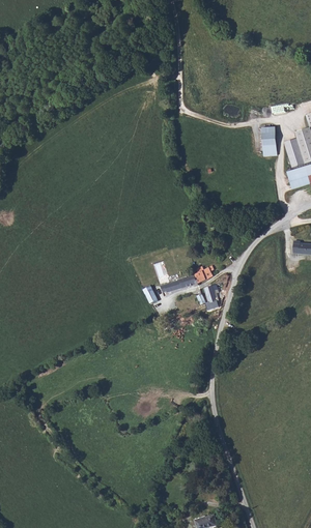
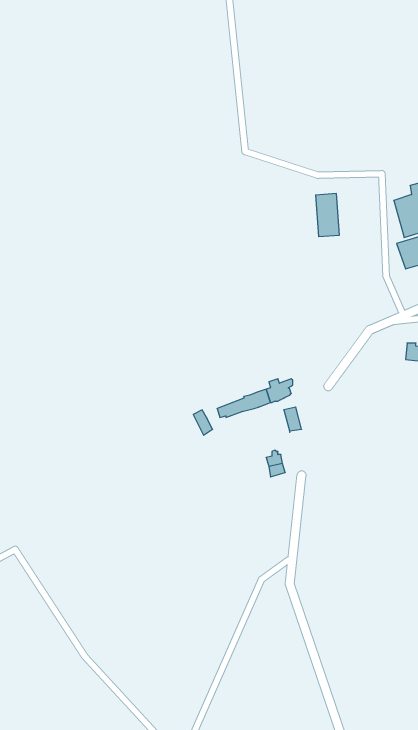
building: [260,126,277,156] -> [316,194,339,237]

